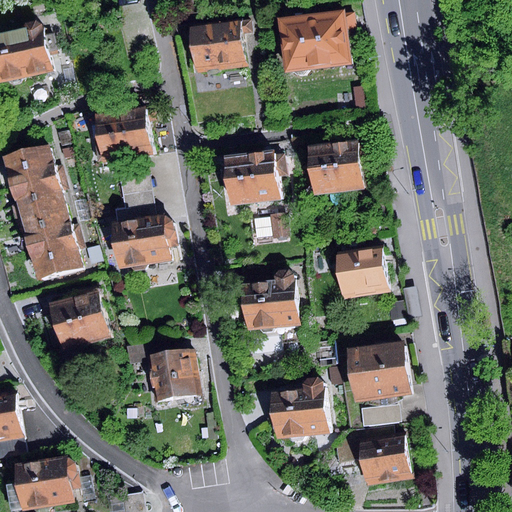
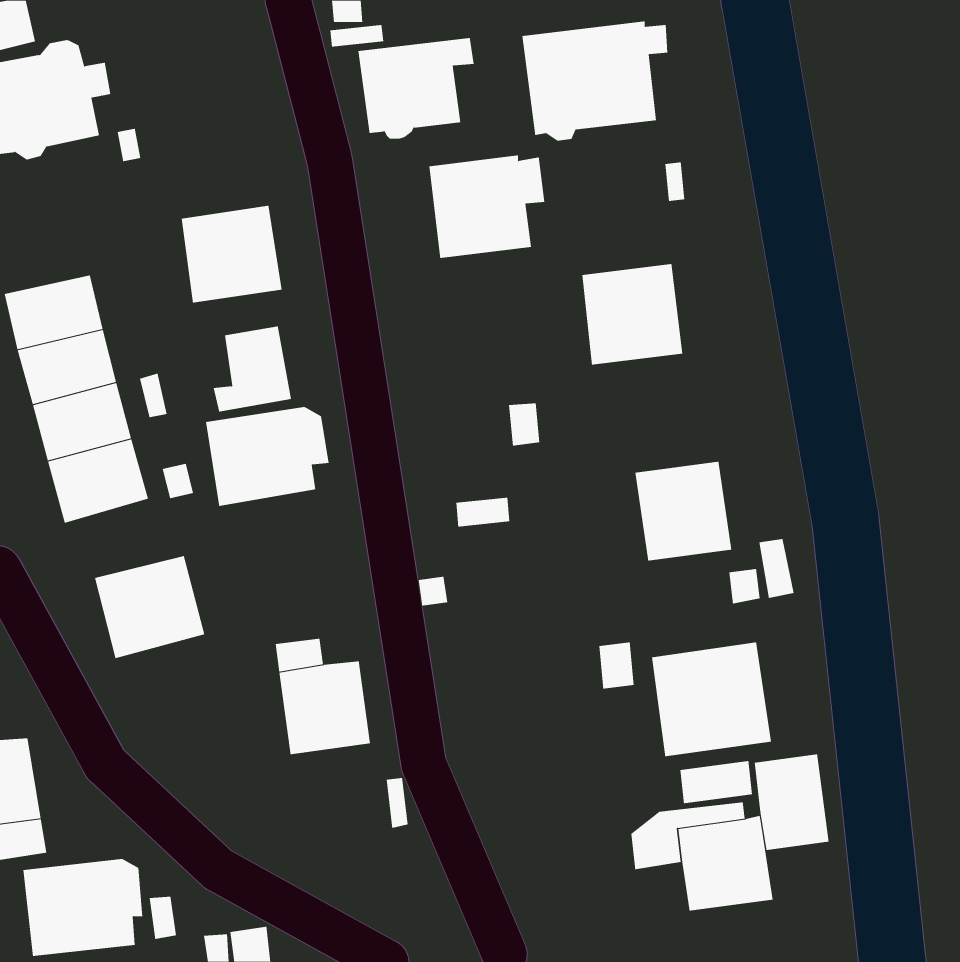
building: [226,151,288,206] -> [428,155,545,258]
building: [242,270,301,331] -> none
building: [269,377,328,438] -> none
building: none -> [754,754,829,851]

